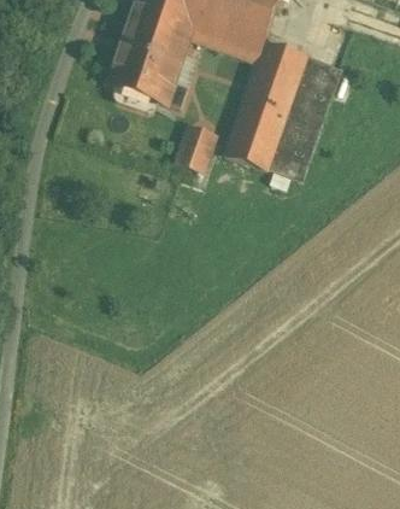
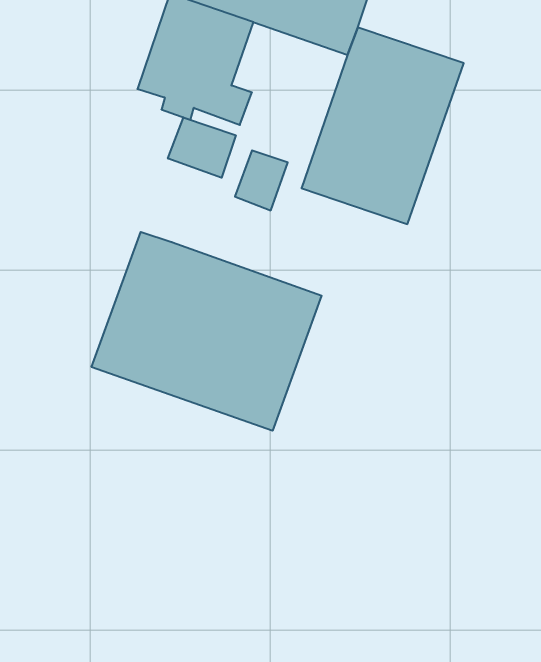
building: none -> [168,117,236,178]
building: none -> [92,232,322,431]

